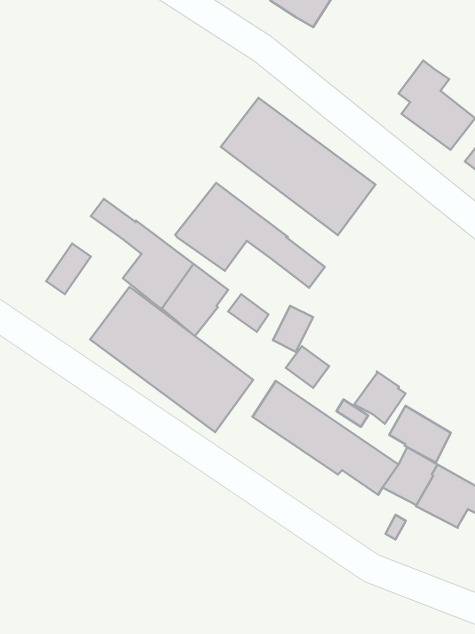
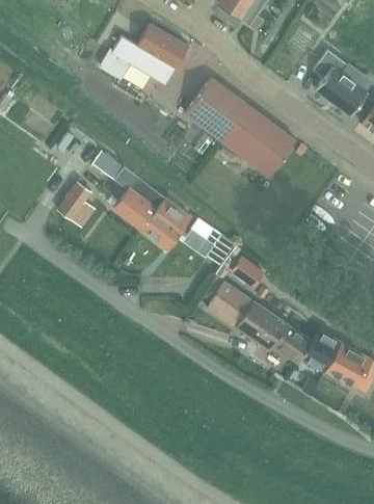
building: none -> [101,24,188,84]
building: [175,183,325,288] -> none
building: [90,287,253,432] -> none
building: [354,372,405,424] -> none
building: [389,406,451,463] -> none

